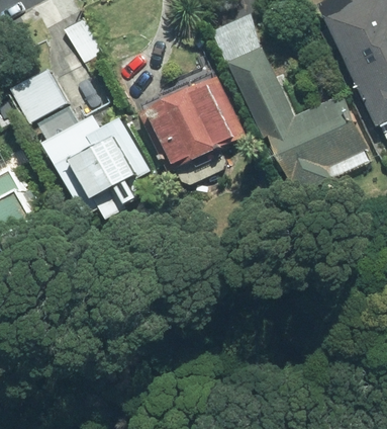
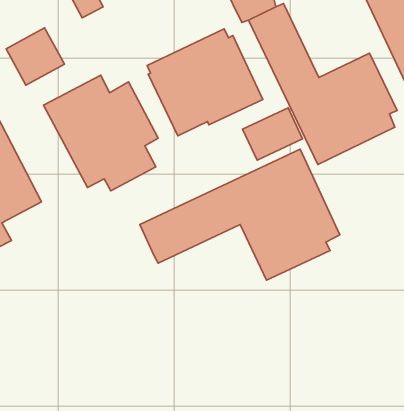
building: none -> [243,108,303,160]
building: none -> [140,149,340,280]

